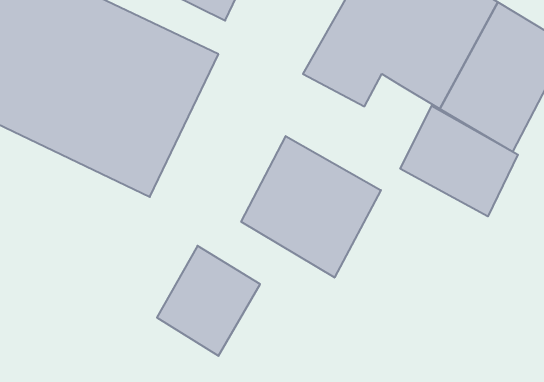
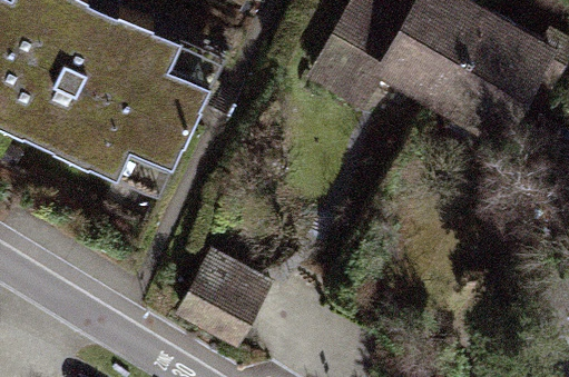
building: [400,106,518,216] -> none
building: [241,136,381,278] -> none

